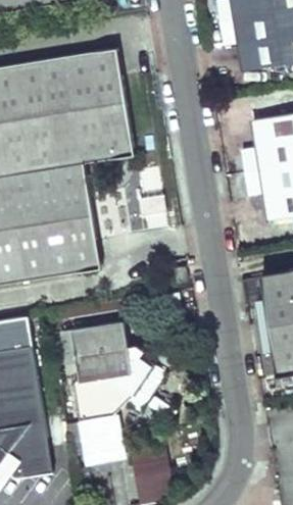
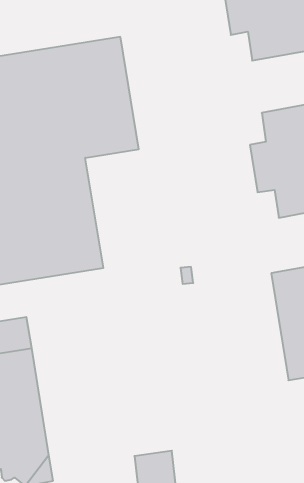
building: [70,321,164,411] -> none
building: [74,401,126,462] -> none

